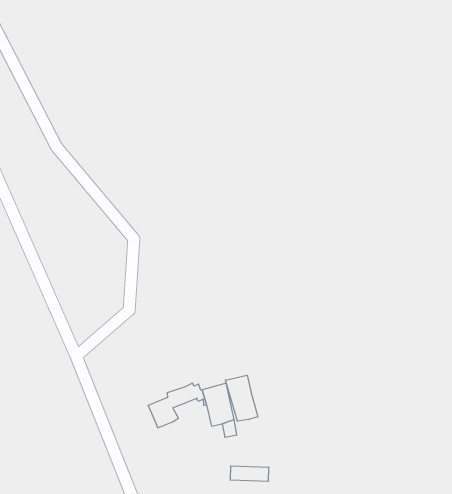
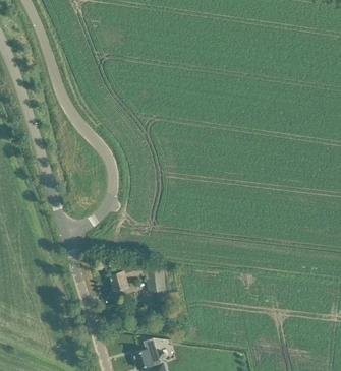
building: [225,375,258,421] -> none

